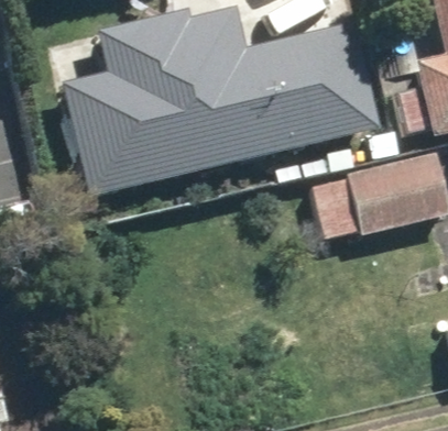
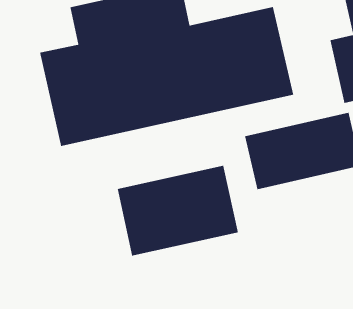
building: none -> [117,165,239,256]

